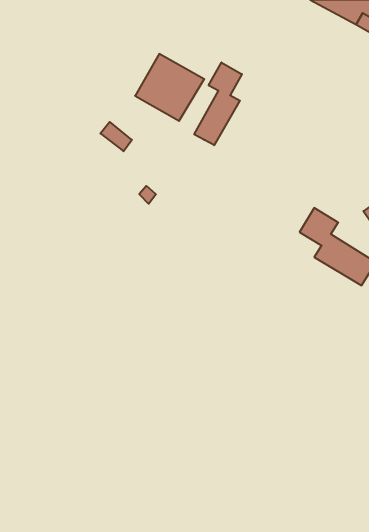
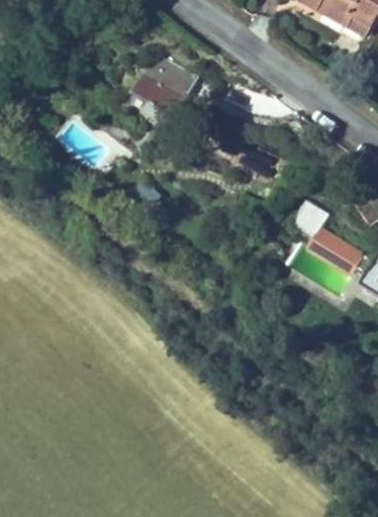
building: [194,62,242,145] -> none

